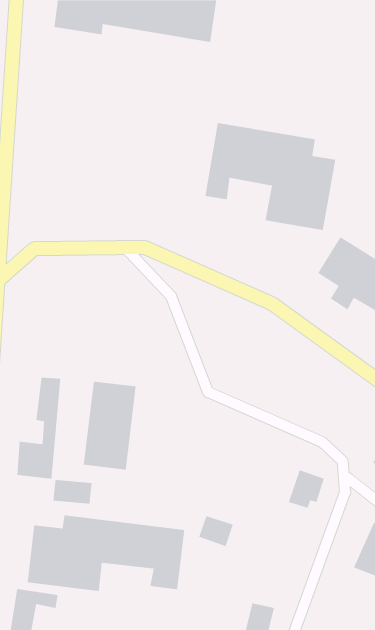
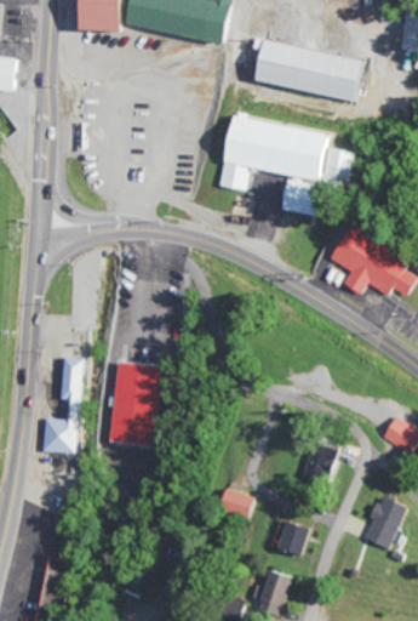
building: none -> [254,39,366,101]
building: [53,479,93,504] -> none
building: [27,514,185,592] -> none
building: none -> [270,520,308,554]

